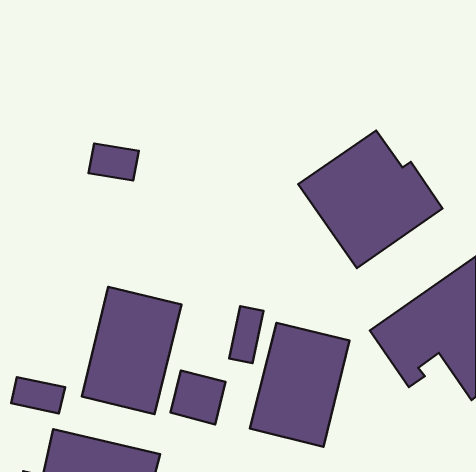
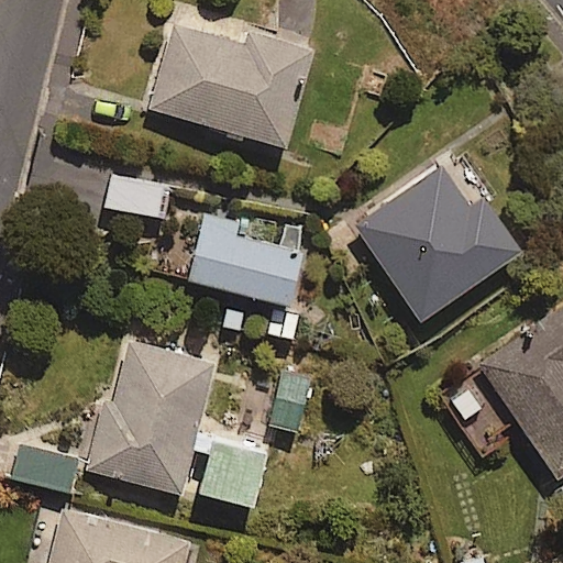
building: none -> [150,11,313,147]
building: none -> [153,214,302,305]
building: [250,323,349,447] -> none

